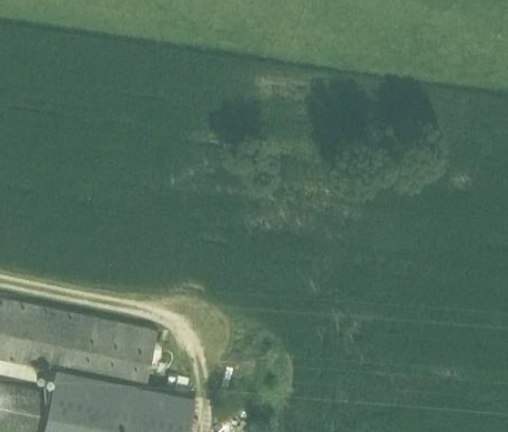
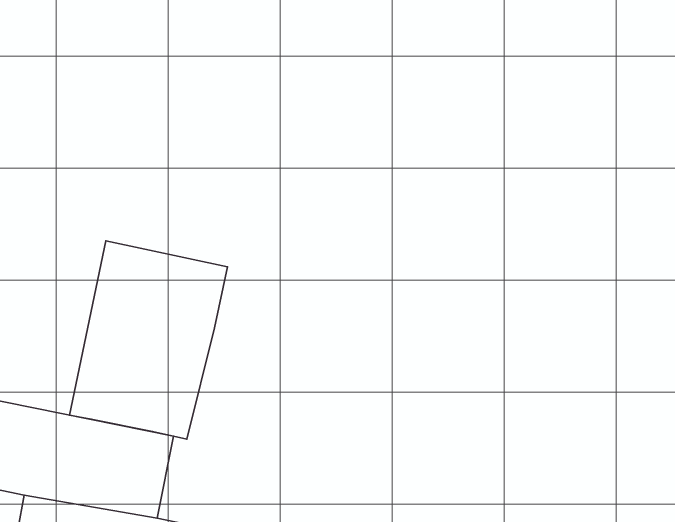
building: none -> [70,241,228,439]

